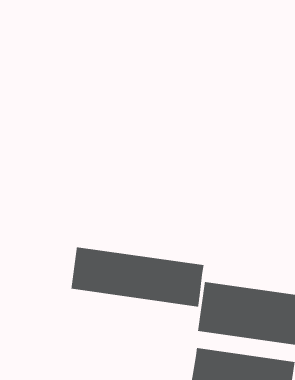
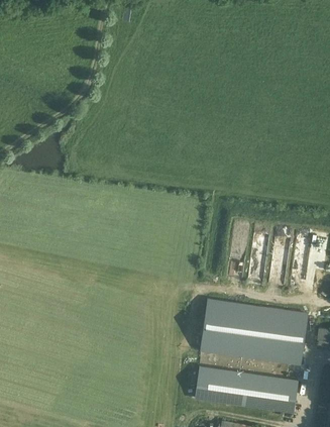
building: [71,247,204,307] -> none

